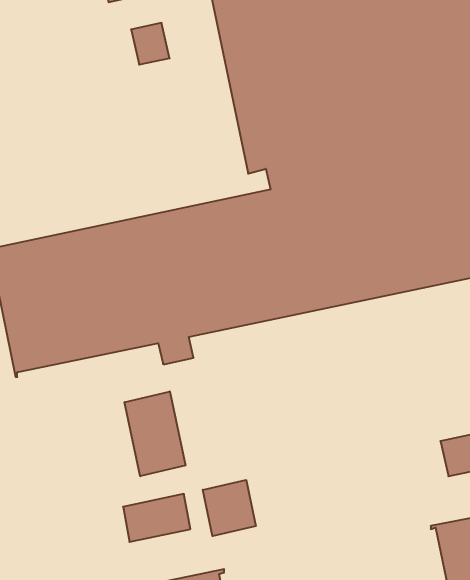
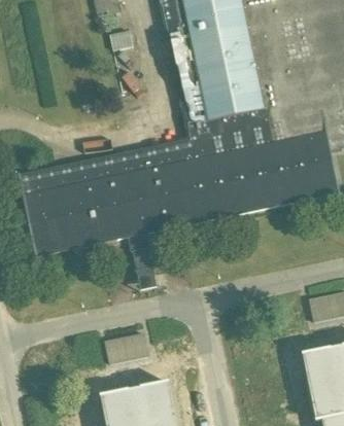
building: [125,391,185,476] -> none
building: [203,480,256,536] -> none

